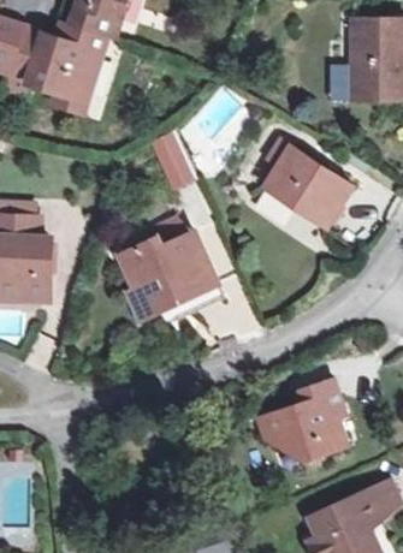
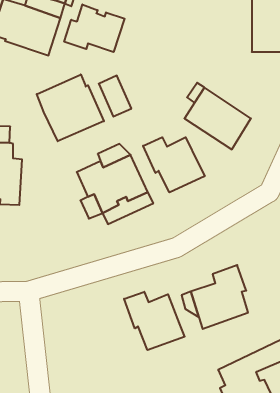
building: none -> [64,4,125,52]
building: none -> [37,74,104,141]
building: none -> [143,137,205,192]
building: none -> [124,292,185,350]

